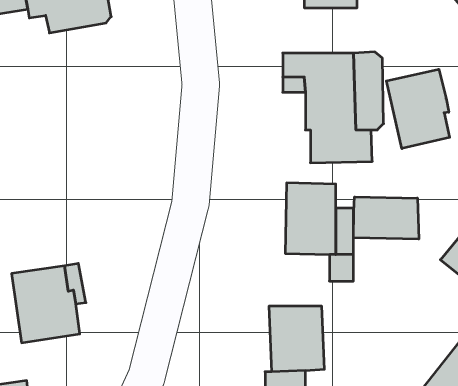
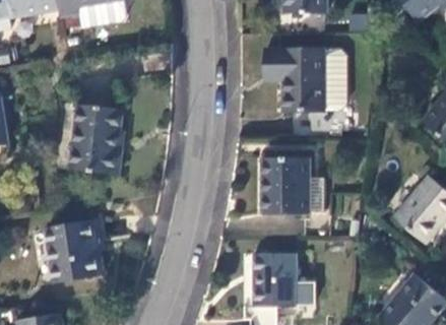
building: [386,69,450,149] -> none
building: none -> [70,102,122,171]
building: [353,197,419,239] -> none

